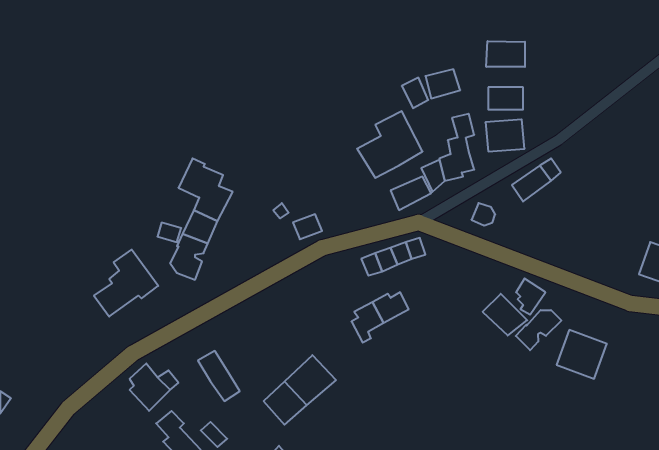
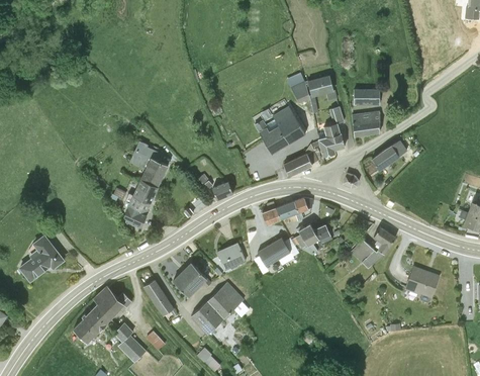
building: [486,41,525,67] -> none
building: [94,250,158,317] -> [18,233,65,282]
building: none -> [299,224,330,247]
building: none -> [217,242,247,270]
building: [516,310,561,350] -> none
building: none -> [172,262,210,297]
building: none -> [72,308,108,345]

